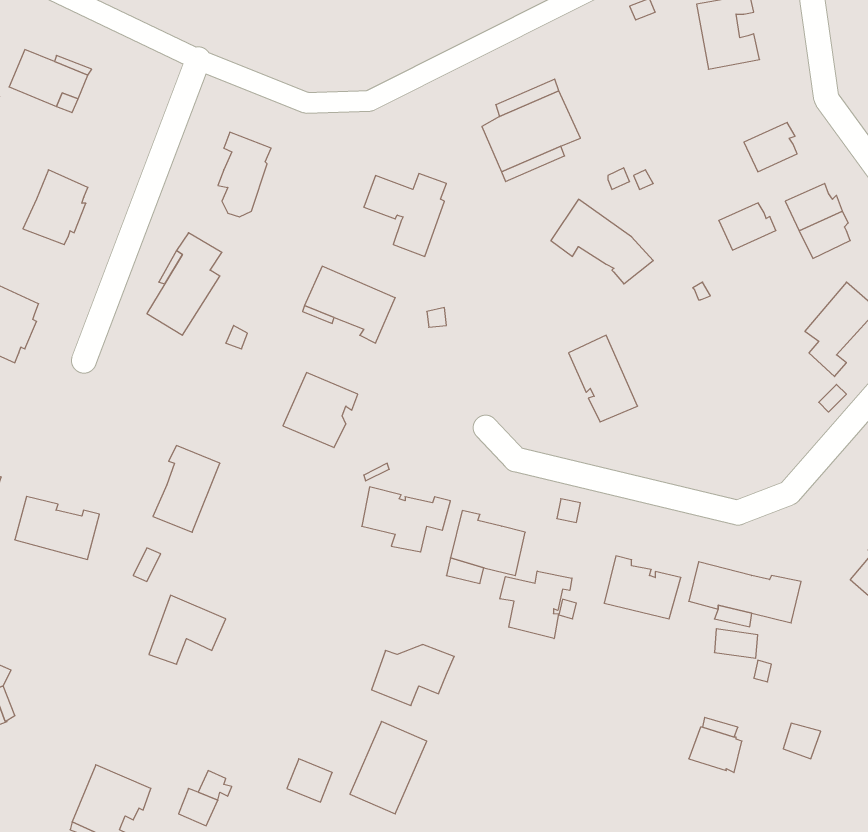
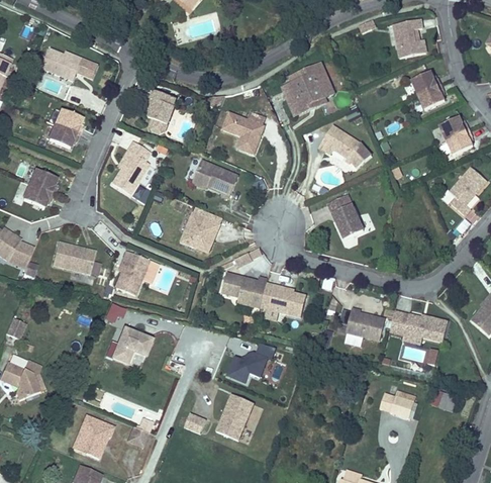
building: [719,203,776,250] -> [411,71,440,95]
building: [15,496,99,559] -> [53,242,96,274]
building: [500,571,572,639] -> none

